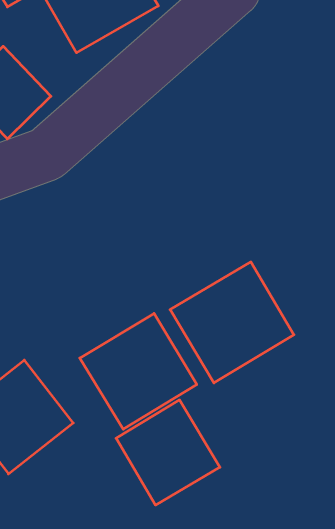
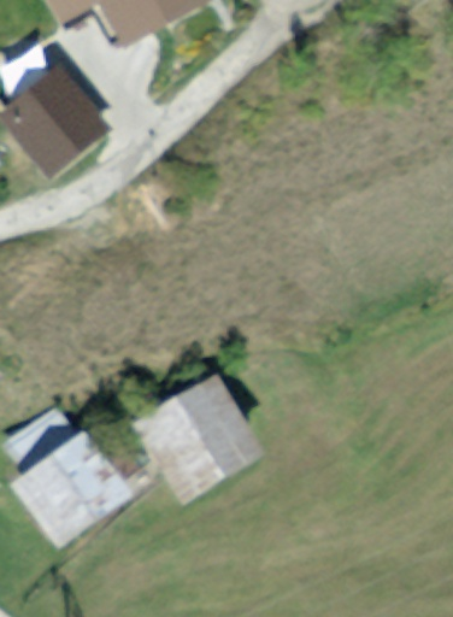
building: [170,262,294,383] -> none
building: [116,400,220,505] -> none

